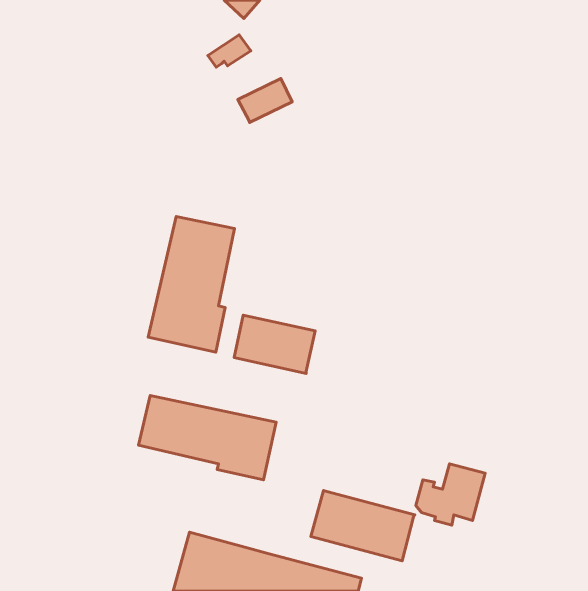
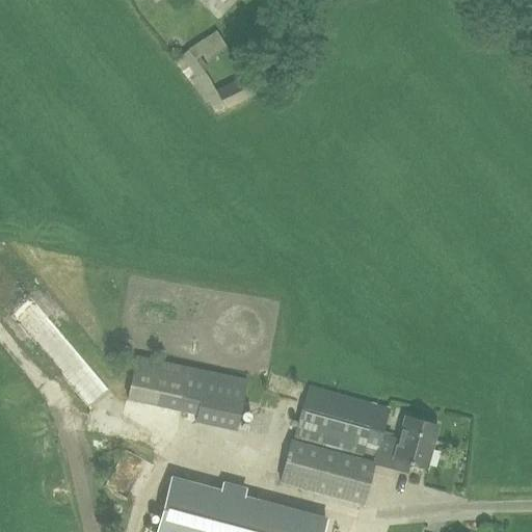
building: [148,216,234,352] -> none
building: [234,315,315,373] -> none
building: none -> [298,388,389,454]

